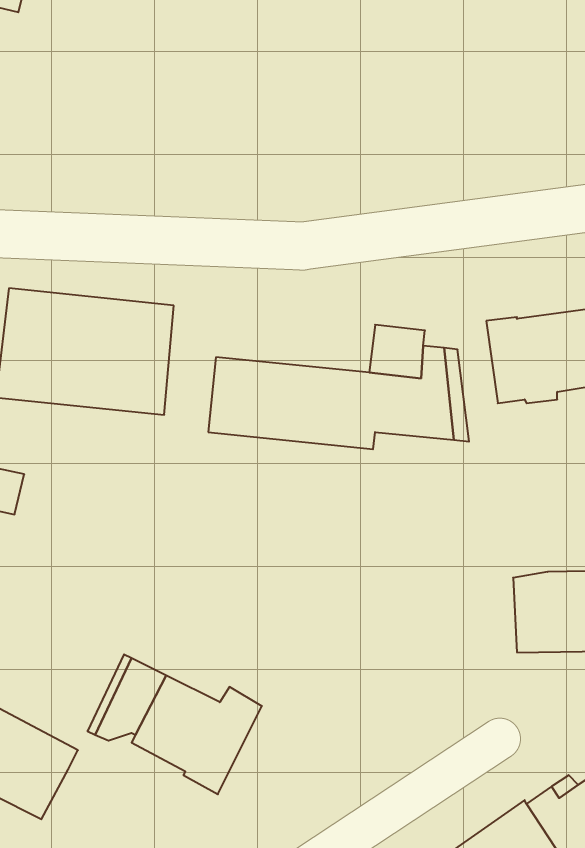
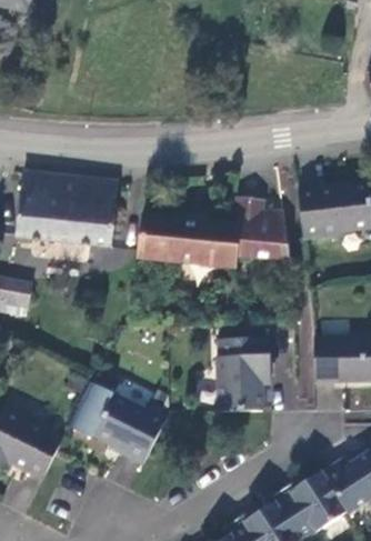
building: none -> [218,341,272,413]

